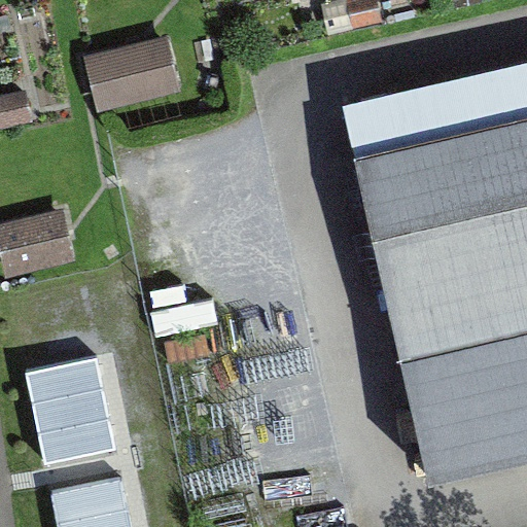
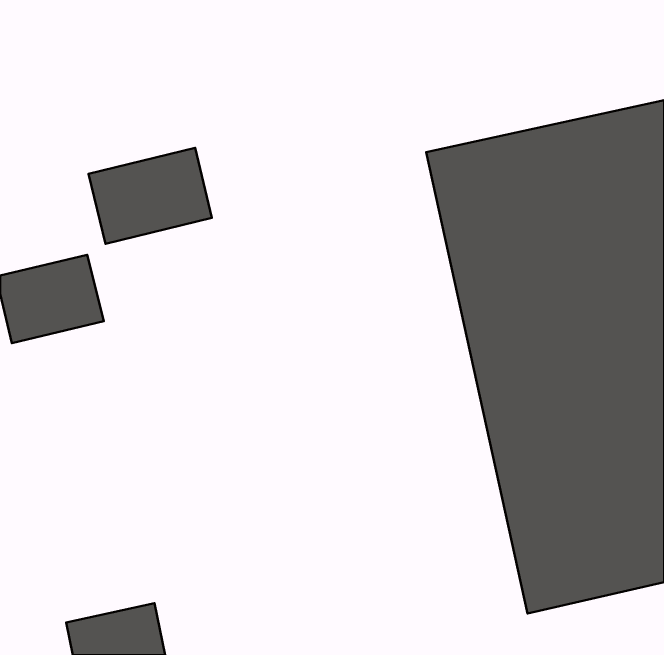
building: [84,34,182,110] -> [89,148,212,244]
building: [28,357,115,463] -> none

